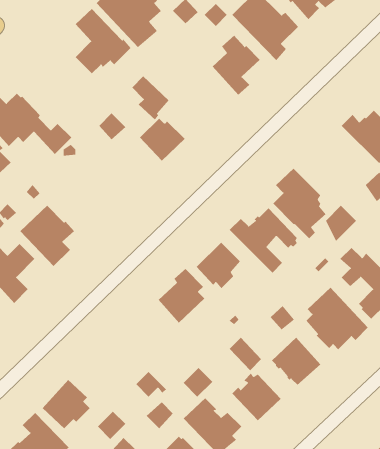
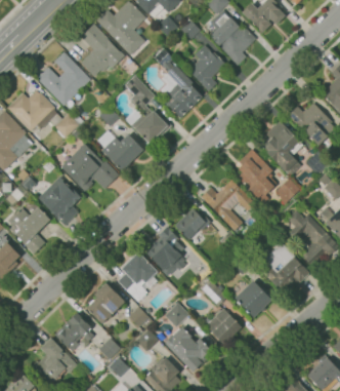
building: none -> [154,47,203,118]
building: none -> [37,51,90,106]
building: none -> [261,120,303,175]
building: none -> [101,133,143,170]
building: none -> [60,143,119,191]
building: none -> [117,251,158,302]
building: none -> [86,282,125,323]

